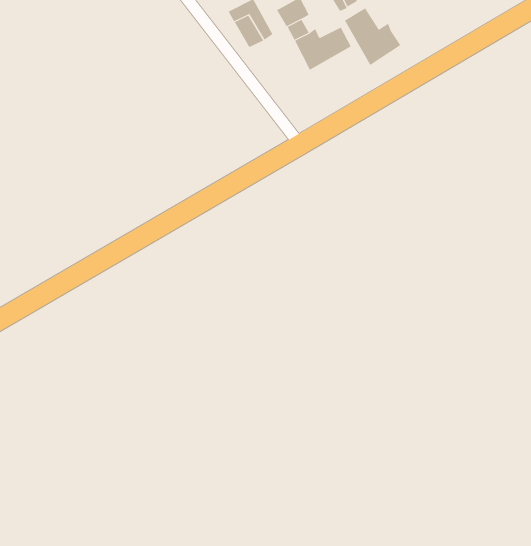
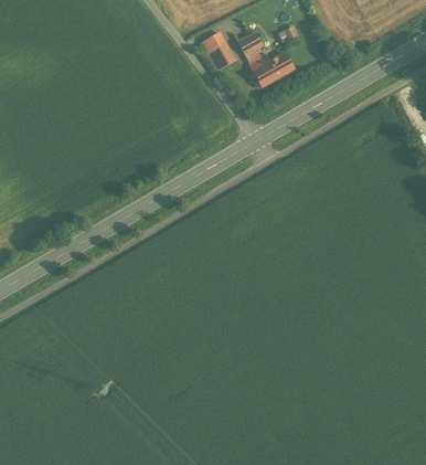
building: [344,8,401,66] -> none

